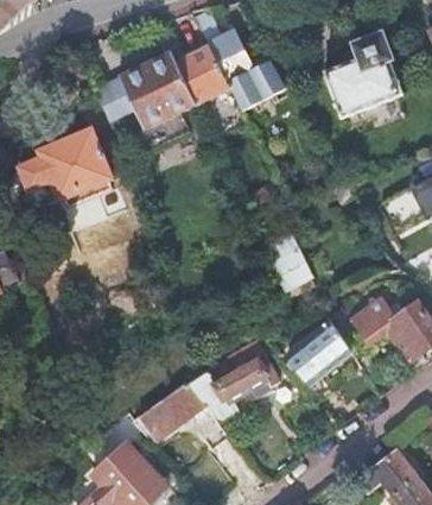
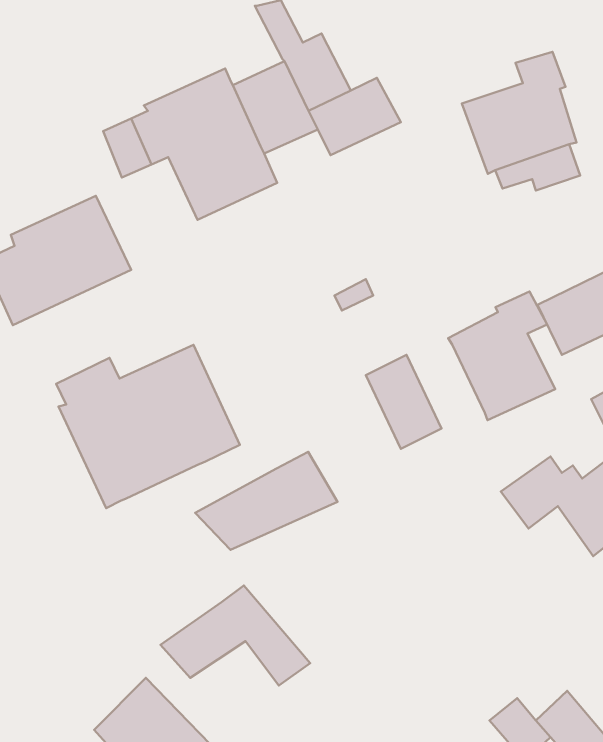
building: none -> [448,292,555,420]
building: none -> [56,345,240,508]
building: [284,318,352,383] -> none
building: [189,340,280,403] -> [195,452,338,550]

